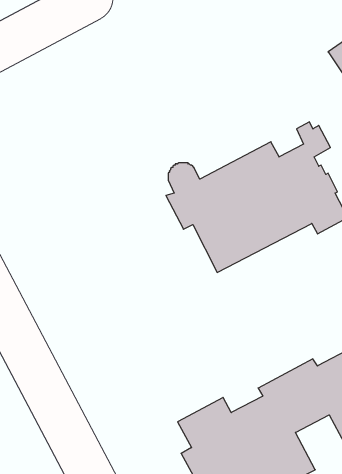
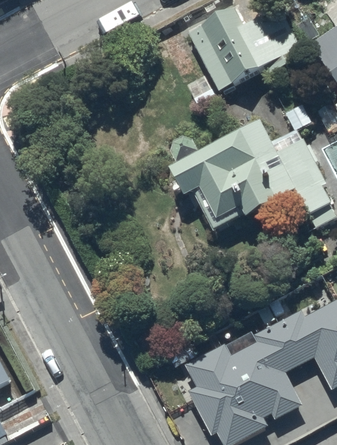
building: none -> [187,7,303,90]

